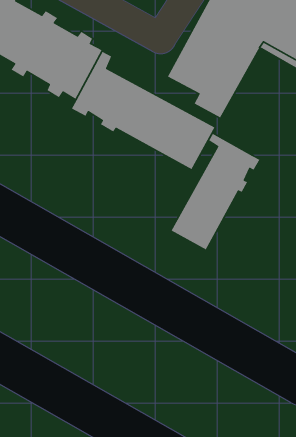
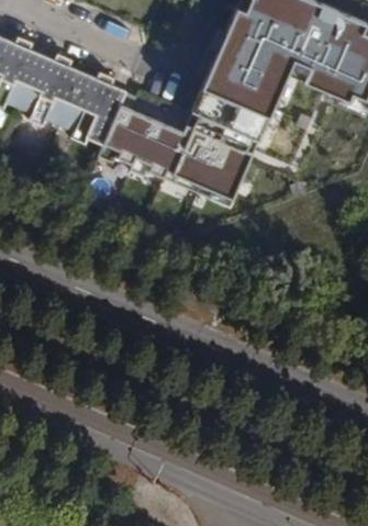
building: [171,133,260,250] -> none

